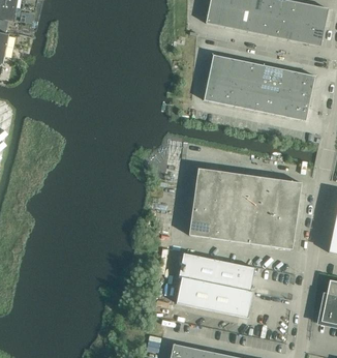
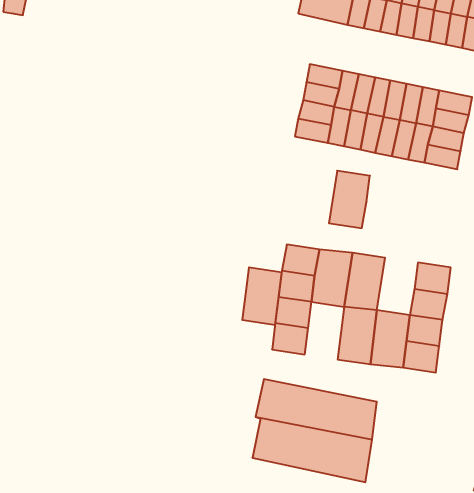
building: [255,176,281,212] -> [329,171,370,228]
building: [210,204,235,240] -> [242,267,282,325]

